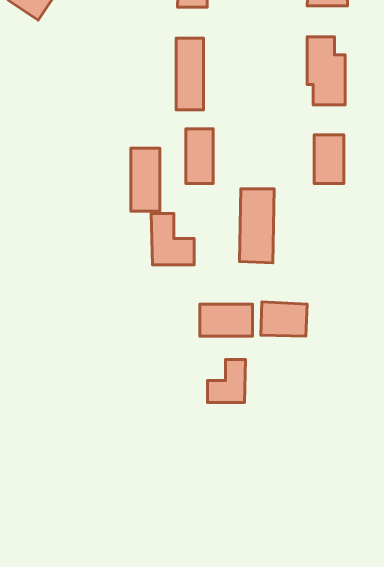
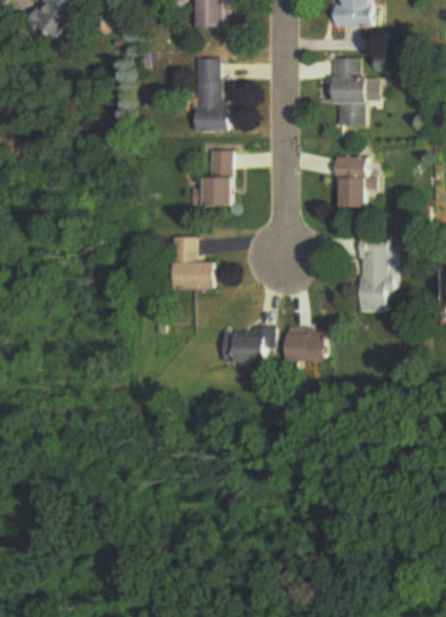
building: [131,148,160,211] -> none
building: [240,189,274,263] -> [356,236,391,312]
building: [208,360,245,403] -> none

